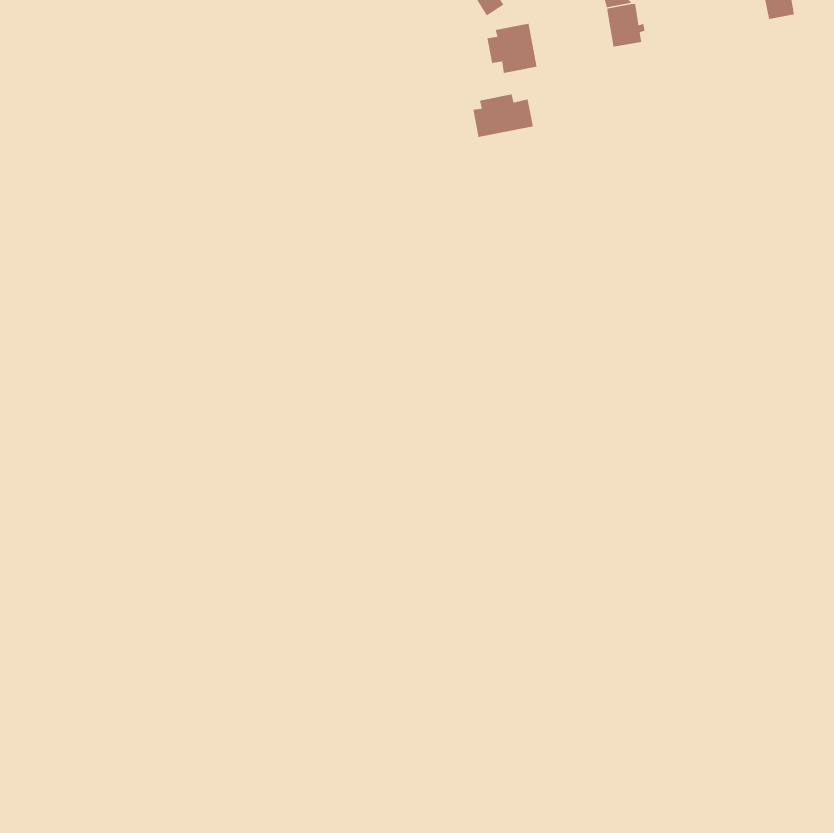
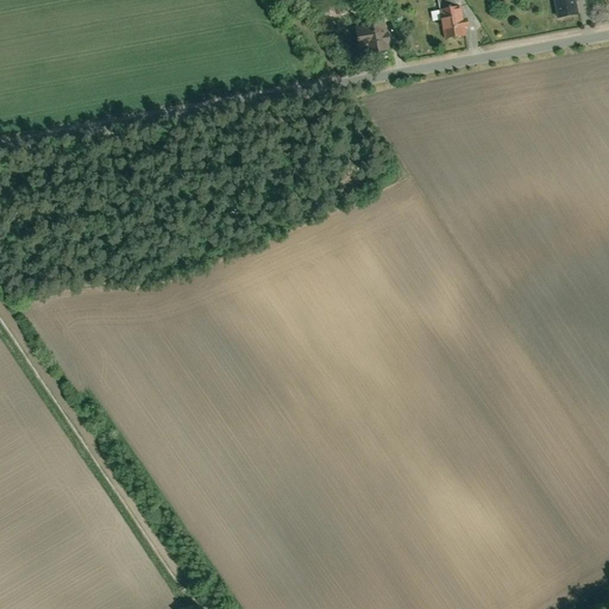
building: [473,94,534,138] -> none

